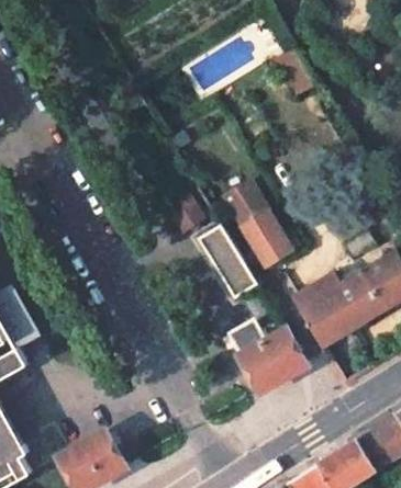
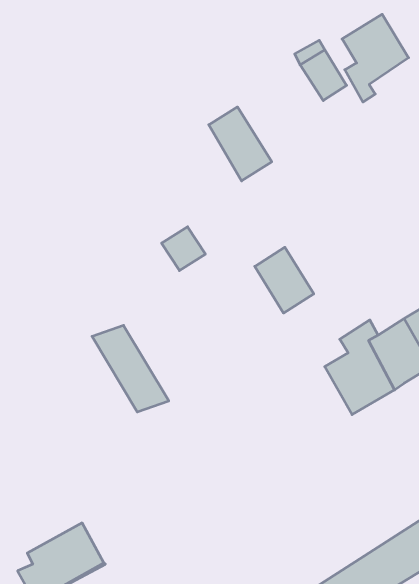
building: none -> [342,14,409,102]
building: [216,169,267,228] -> [209,107,272,181]
building: [197,230,258,299] -> [92,325,169,412]
building: [229,325,304,389] -> none

